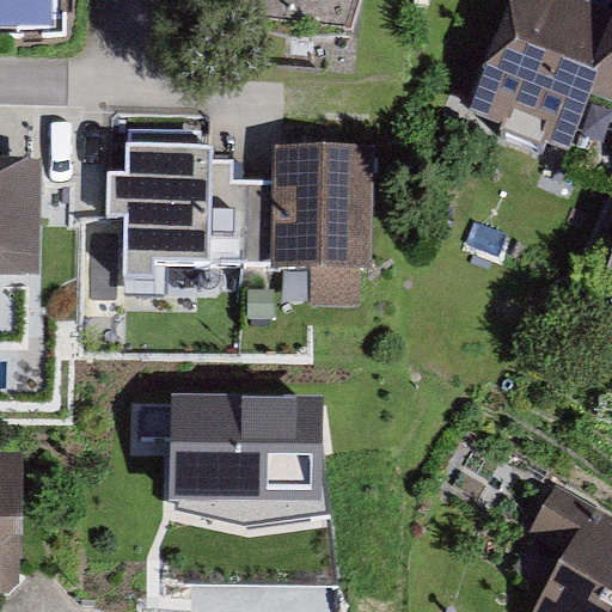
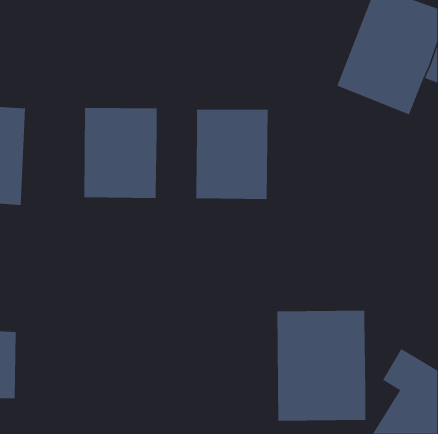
building: [218,184,273,267] -> none
building: [167,387,331,524] -> none
building: none -> [277,310,366,421]

